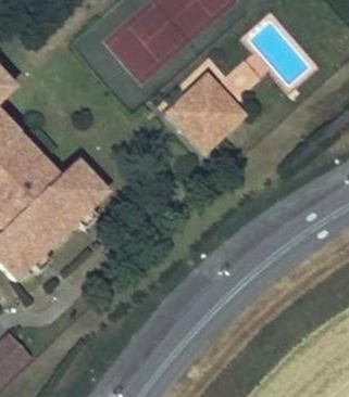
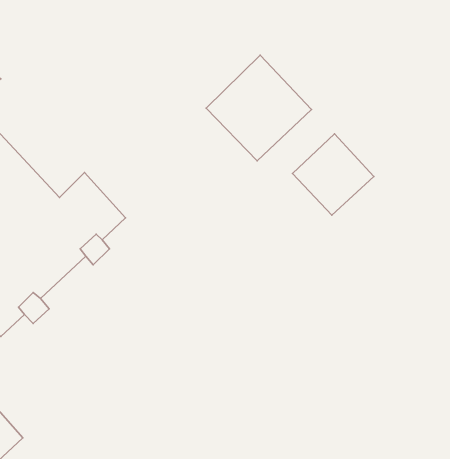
building: none -> [292,134,374,215]

